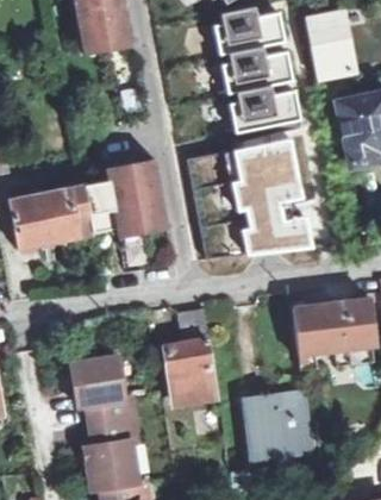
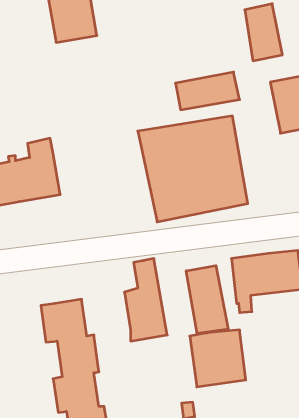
building: [211,14,286,58] -> none
building: [219,51,295,96] -> none
building: [83,158,169,237] -> none
building: none -> [186,266,228,334]

